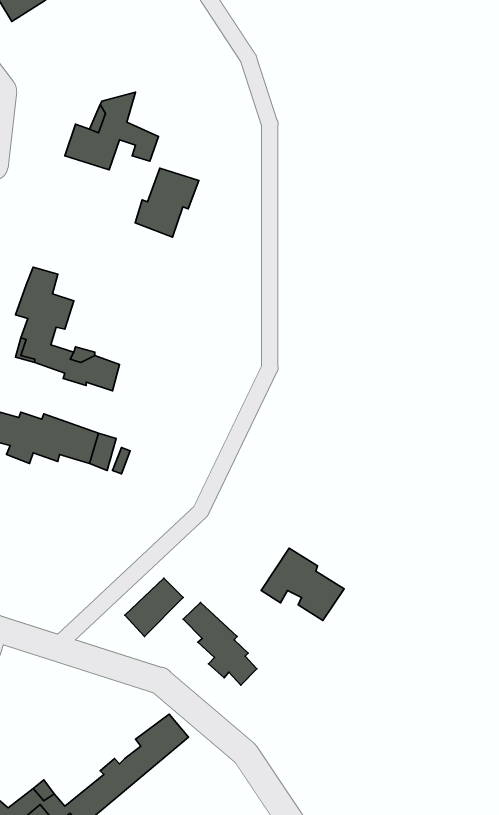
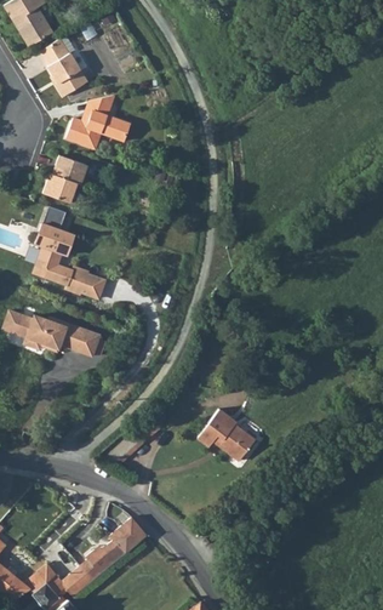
building: none -> [39,40,85,98]
building: [135,168,199,237] -> [42,156,86,204]
building: [183,602,257,685] -> none

